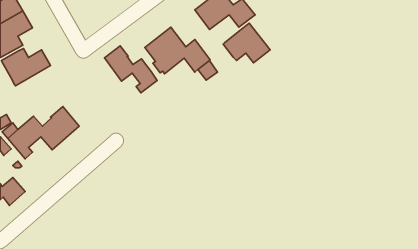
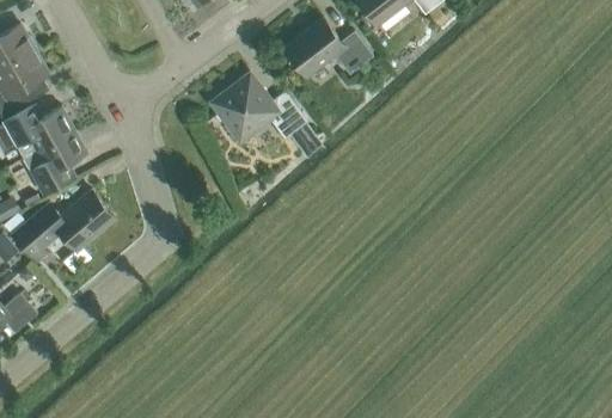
building: [223,23,270,63] -> none
building: [104,46,157,93] -> none
building: none -> [23,130,87,196]

